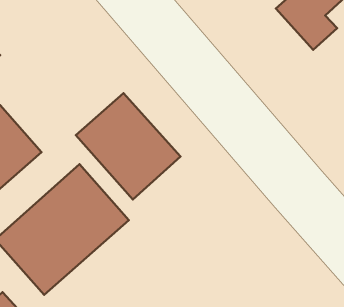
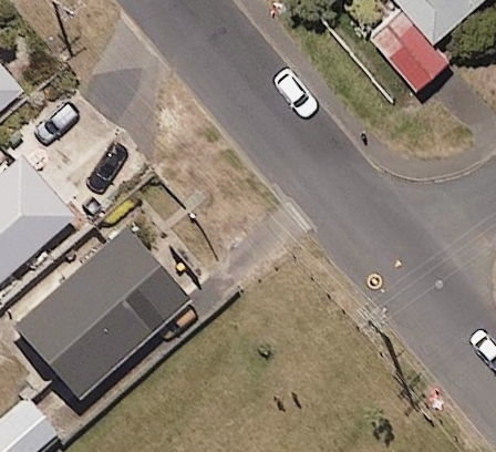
building: [76,93,181,199] -> none

